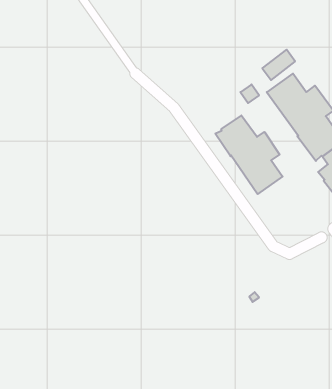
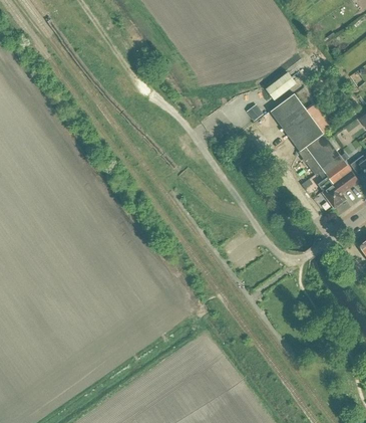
building: [215,115,283,194] -> none

